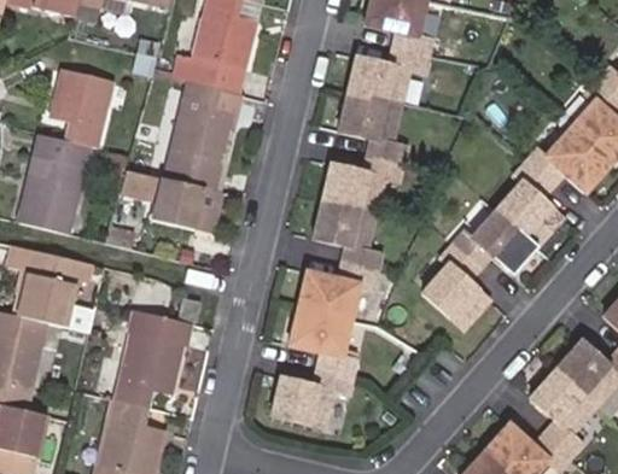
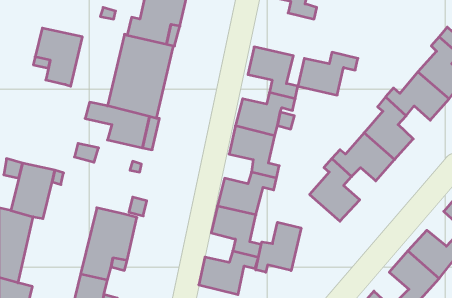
building: [346,48,427,106] -> [298,52,358,95]
building: [16,133,92,234] -> none
building: none -> [256,222,301,272]

